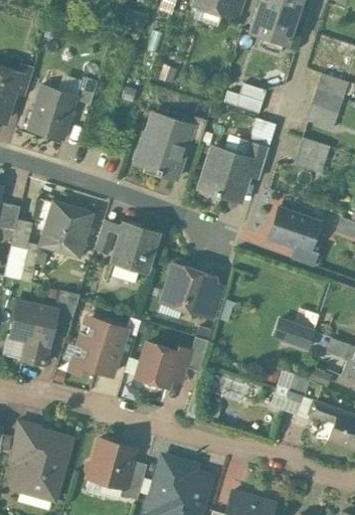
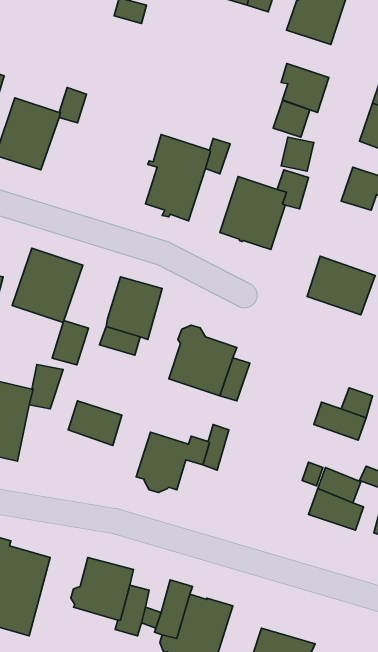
building: none -> [281,64,329,113]
building: [96,220,124,254] -> [52,320,89,365]
building: [76,340,119,374] -> none

